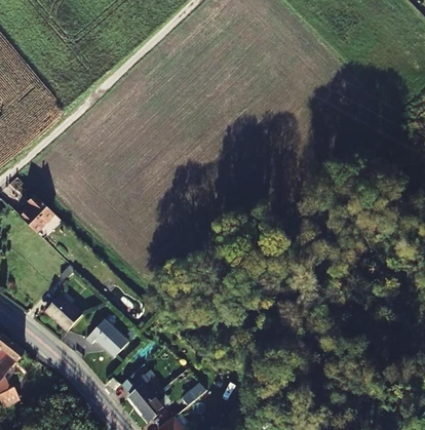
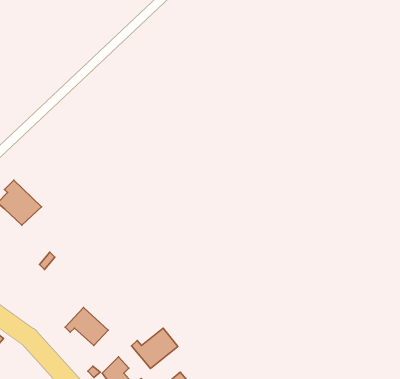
building: [45,294,81,330] -> none
building: none -> [131,328,178,369]

